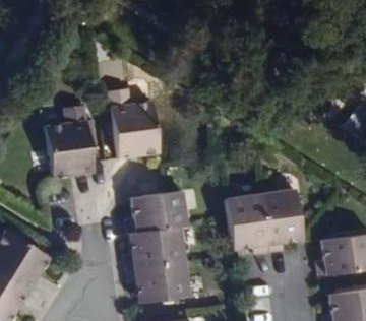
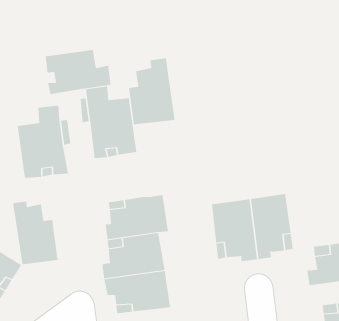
building: none -> [45,49,111,95]
building: none -> [128,58,175,125]
building: none -> [13,201,58,265]

